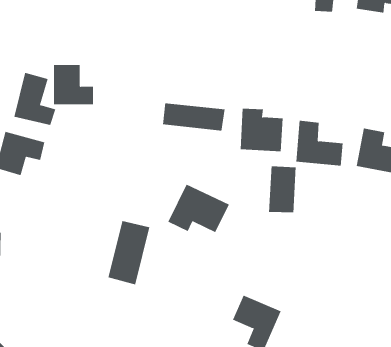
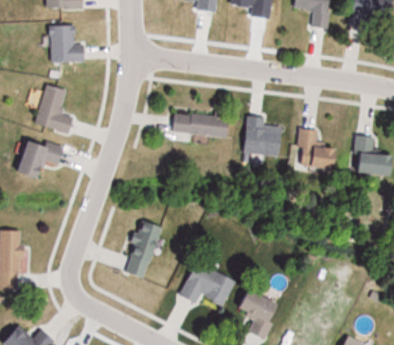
building: [53,64,94,105] -> [50,25,87,62]
building: [269,166,296,213] -> none
building: [168,184,230,233] -> [179,260,236,305]

